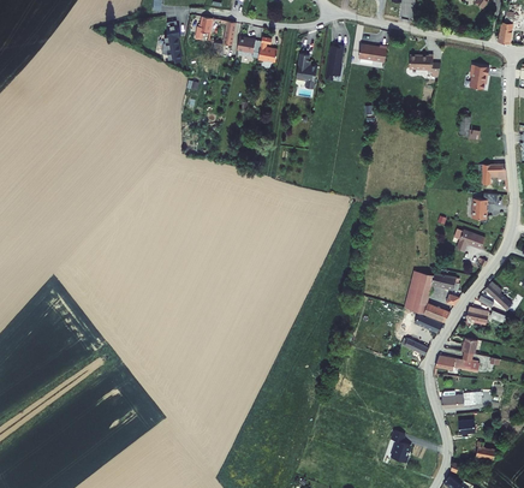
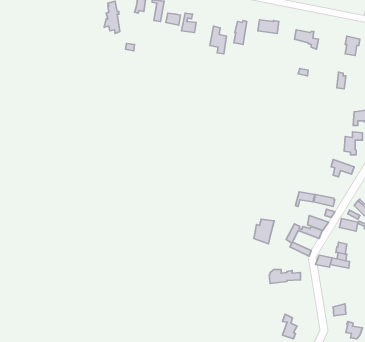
building: [404,281,430,314] -> [254,219,274,244]
building: [440,389,481,407] -> [269,270,300,283]

